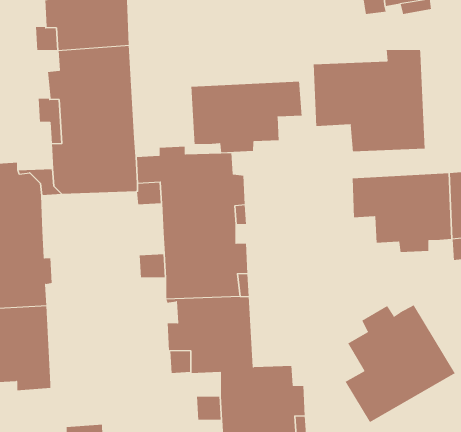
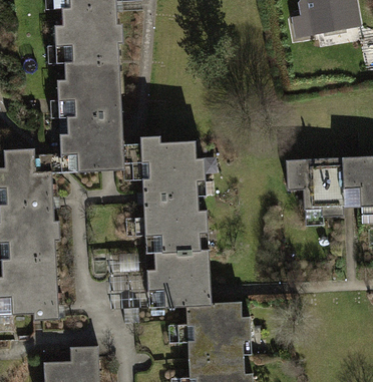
building: [313,49,425,152] -> none
building: [191,81,302,153] -> none
building: [345,304,455,423] -> none

